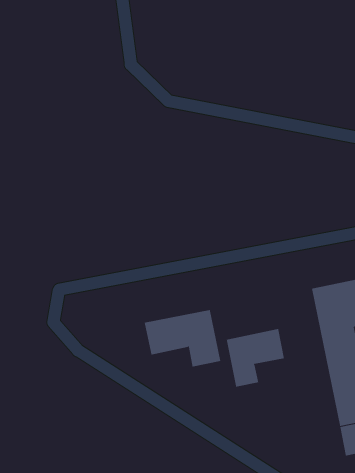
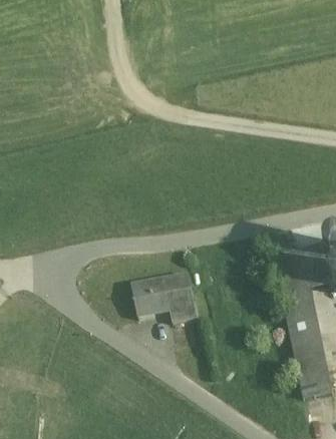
building: [226,328,284,388] -> none

